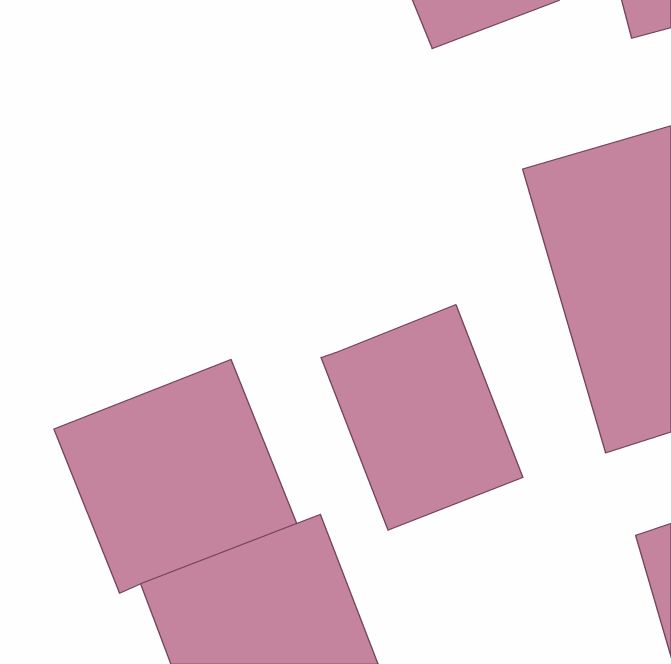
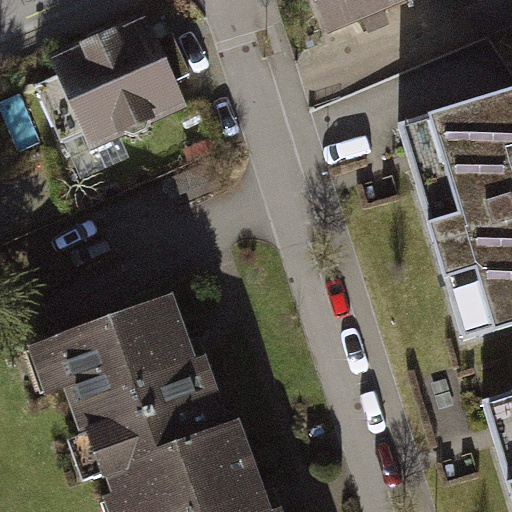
building: none -> [36,37,167,166]
building: [321,305,523,530] -> none

